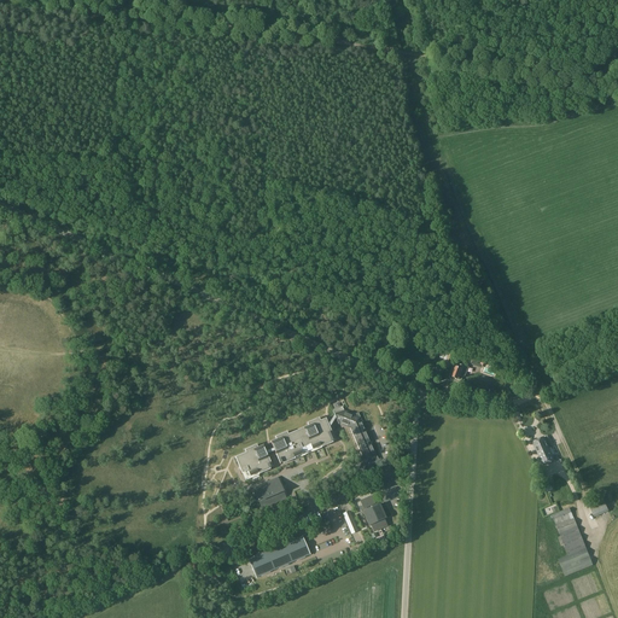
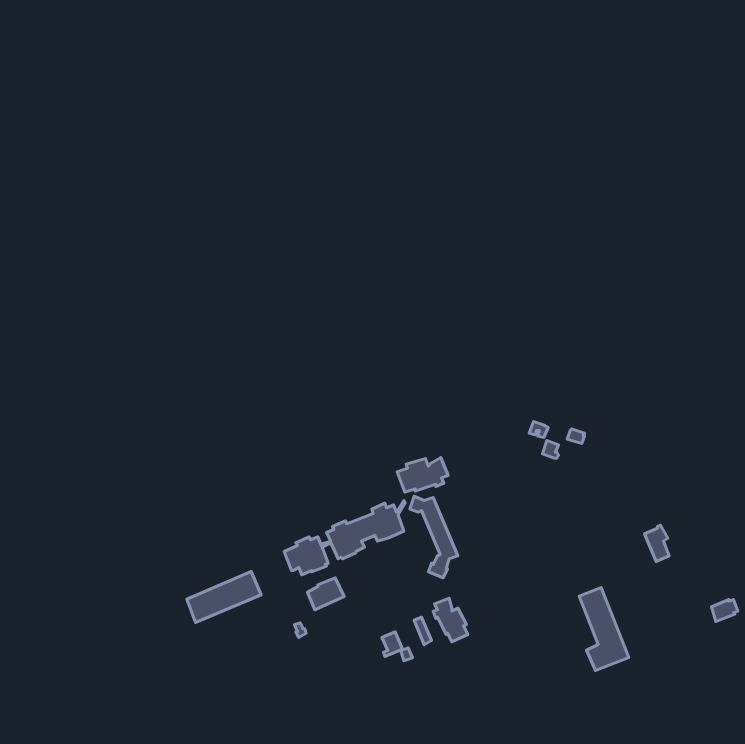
building: none -> [397,457,448,492]
building: [552,507,593,576] -> [579,587,629,671]
building: [249,535,310,577] -> [187,572,261,623]

